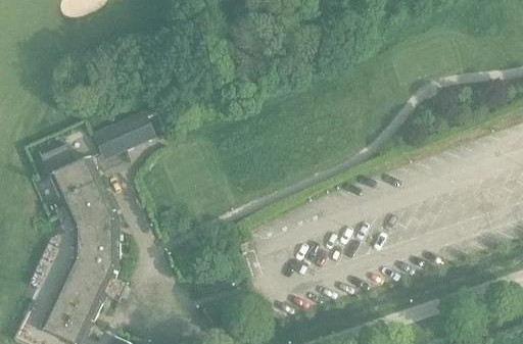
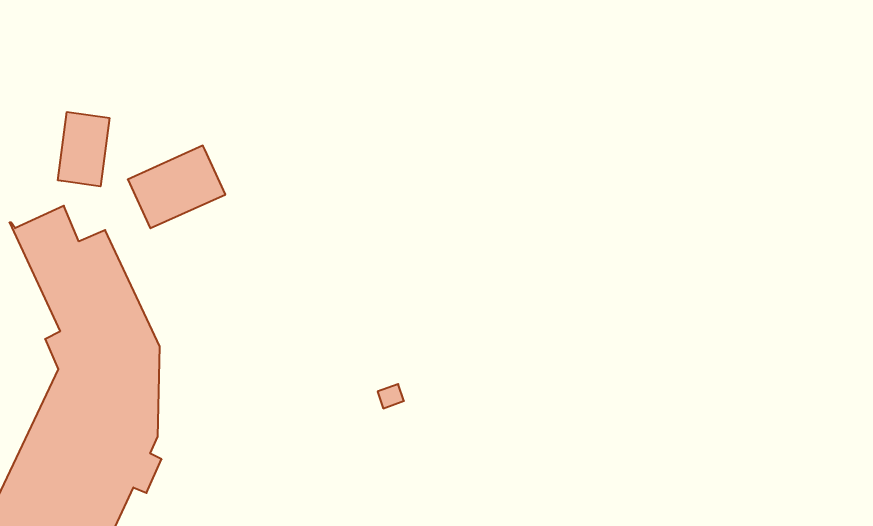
building: none -> [58,112,109,186]

